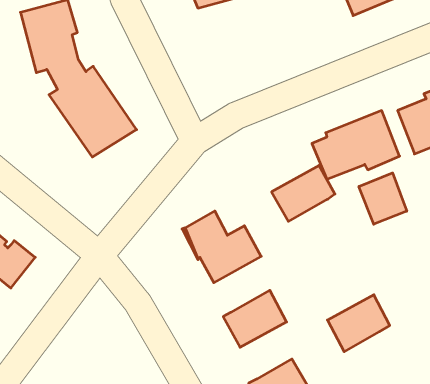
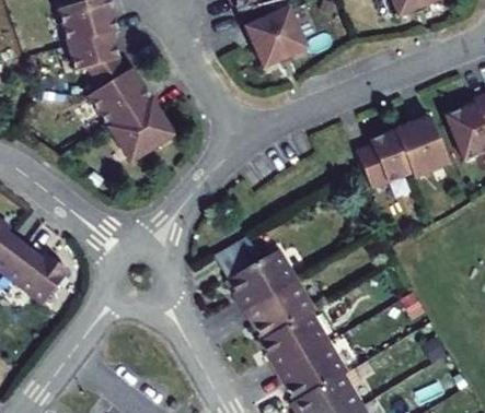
building: none -> [243,10,303,70]
building: [272,165,335,221] -> [255,268,321,326]
building: [359,173,407,224] -> none
building: [327,295,390,352] -> [282,335,347,394]

